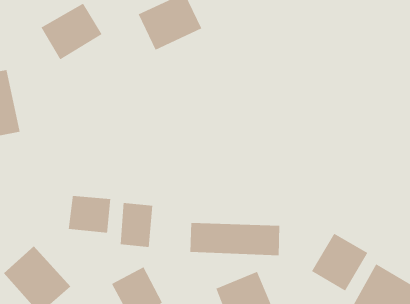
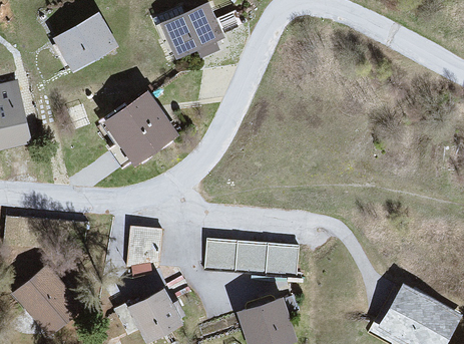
building: none -> [97,89,171,163]
building: [68,195,111,233] -> none
building: [311,233,368,291] -> none

